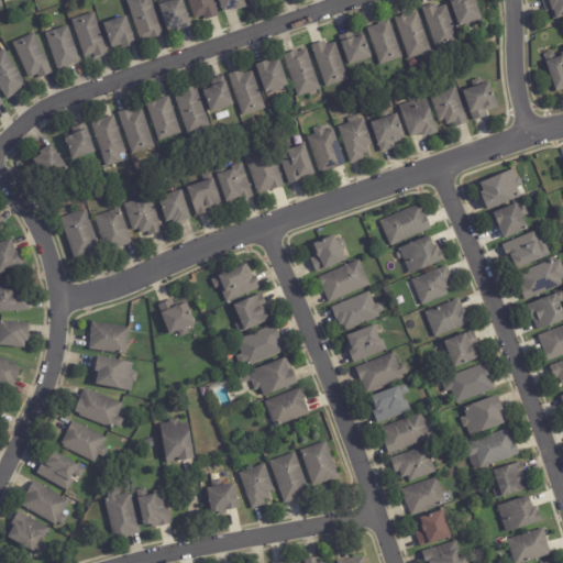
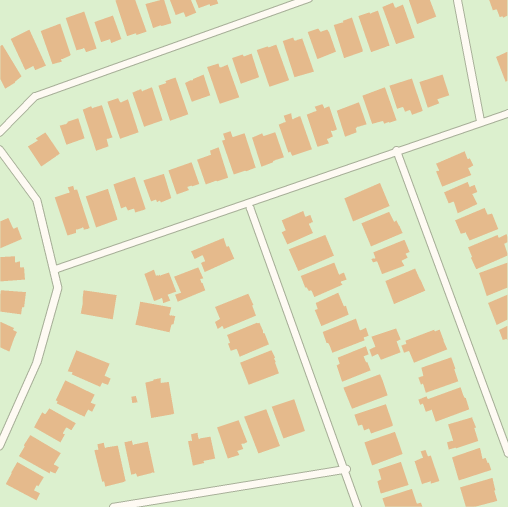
building: [233,291,269,331] -> [173,267,206,302]
building: [442,329,478,365] -> [369,328,401,361]
building: [91,354,137,389] -> [134,301,176,333]
building: none -> [414,449,440,486]

